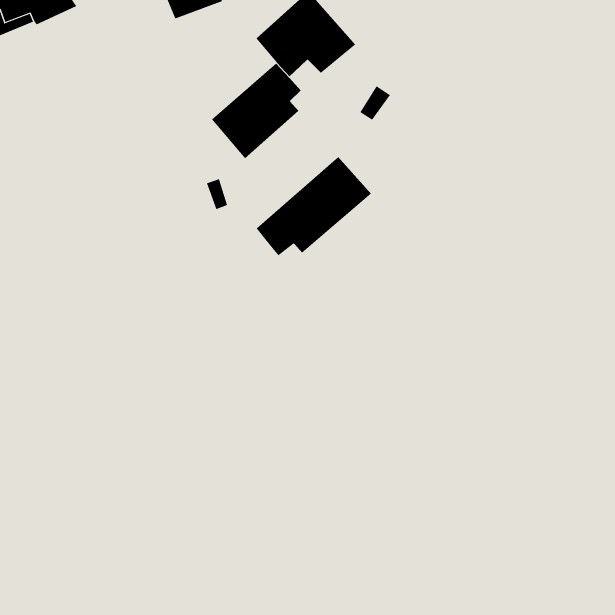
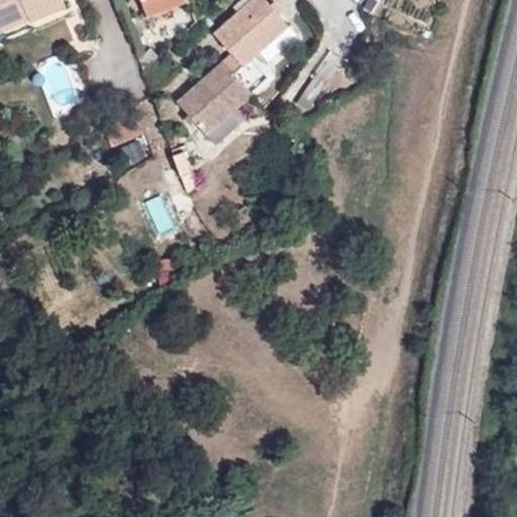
building: [256,156,372,256] -> none

